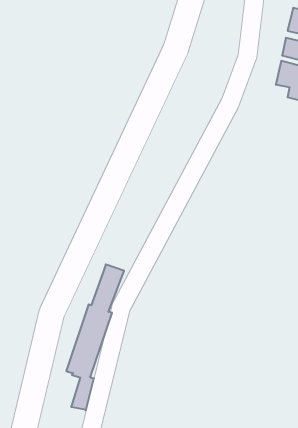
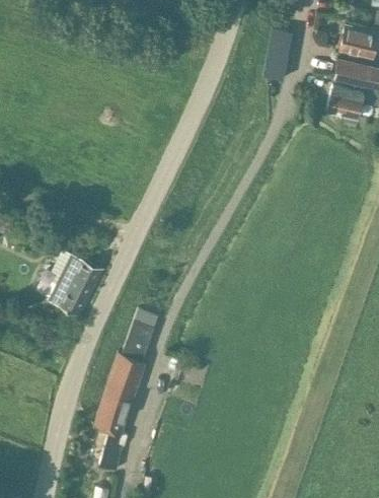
building: none -> [262,29,291,80]
building: none -> [51,256,102,315]

